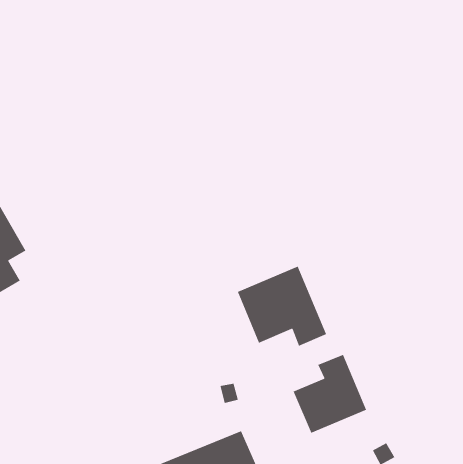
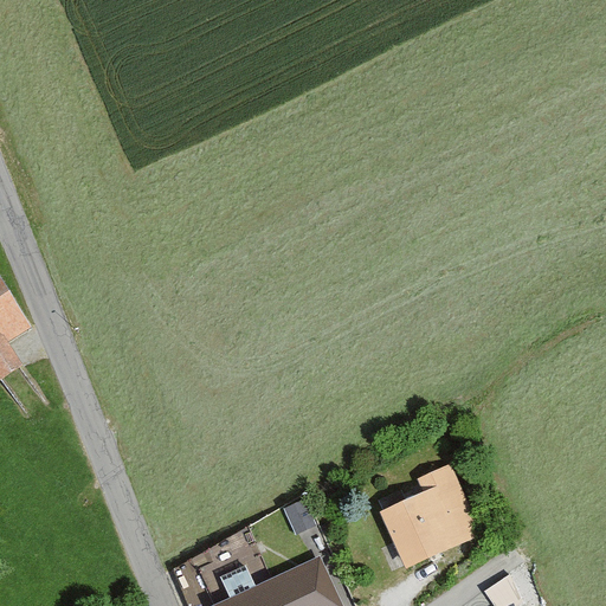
building: [237,266,327,347] -> none

